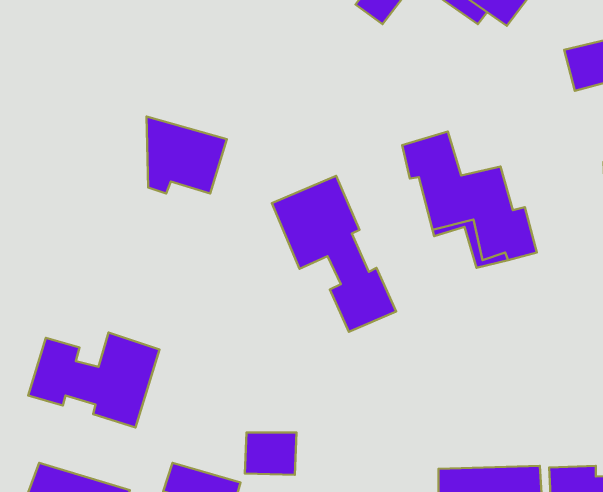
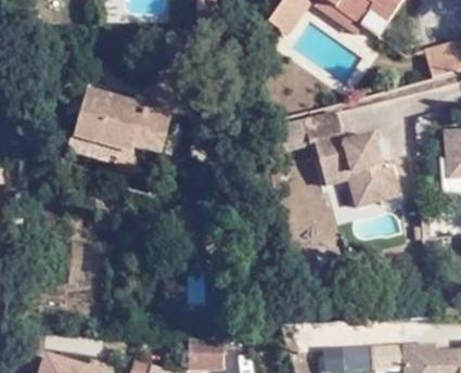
building: none -> [75,89,118,149]
building: [272,176,396,332] -> none
building: [28,332,160,428] -> none

